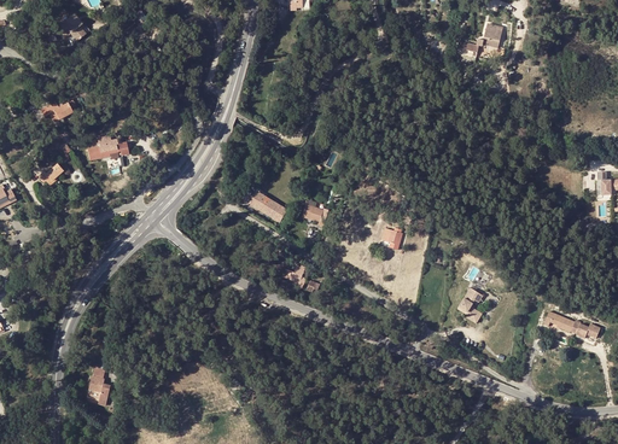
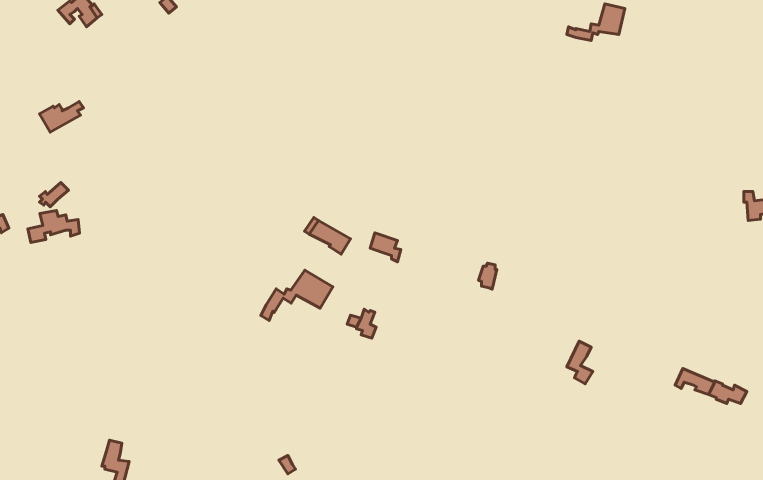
building: [87,135,128,160] -> [28,210,80,242]
building: none -> [261,270,333,321]

